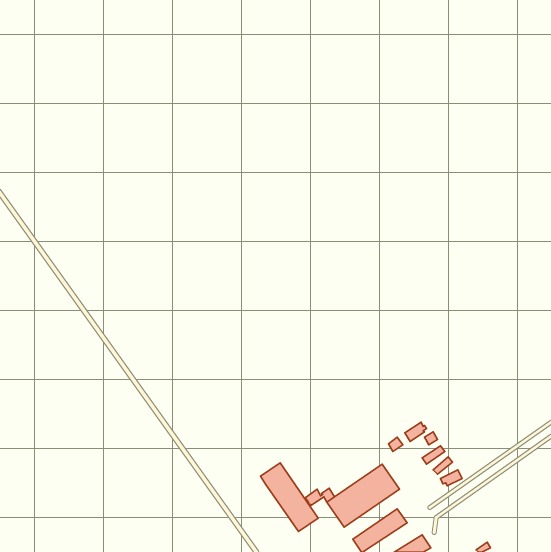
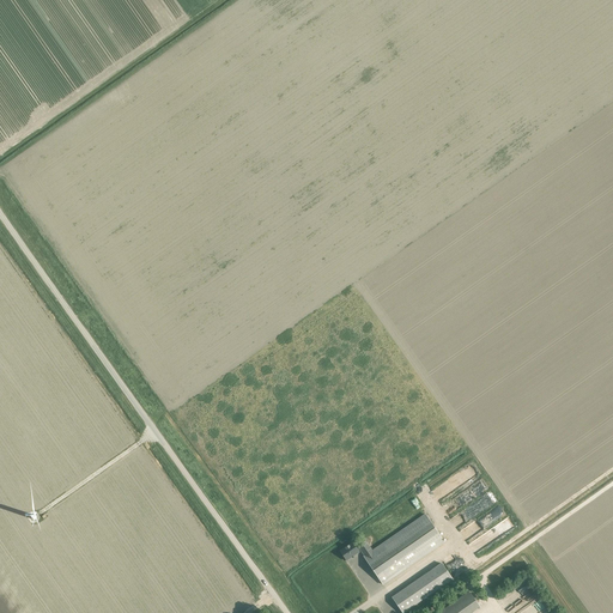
building: [260,463,318,532] -> none

